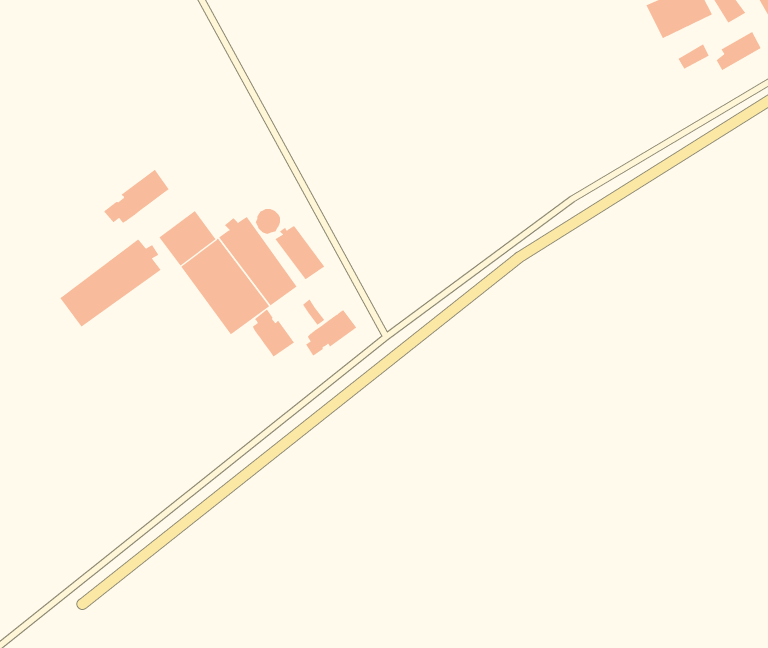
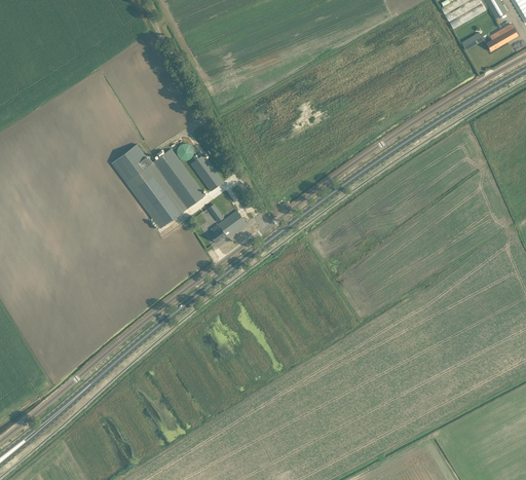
building: [103,169,170,223] -> none
building: [59,238,161,327] -> none
building: [252,309,295,358] -> none

